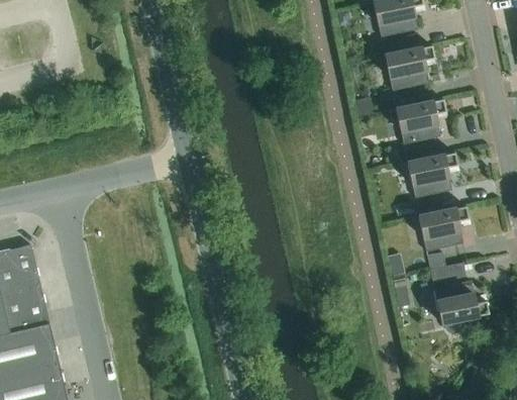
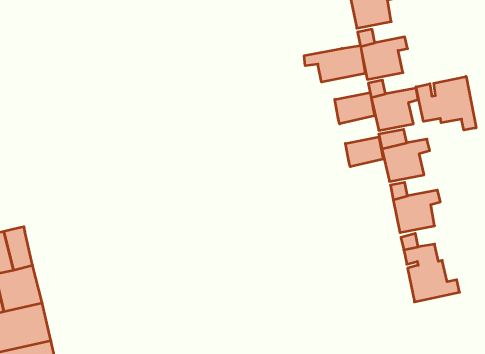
building: none -> [304,46,365,82]
building: none -> [416,76,476,130]
building: none -> [335,92,375,124]
building: none -> [345,137,383,167]

